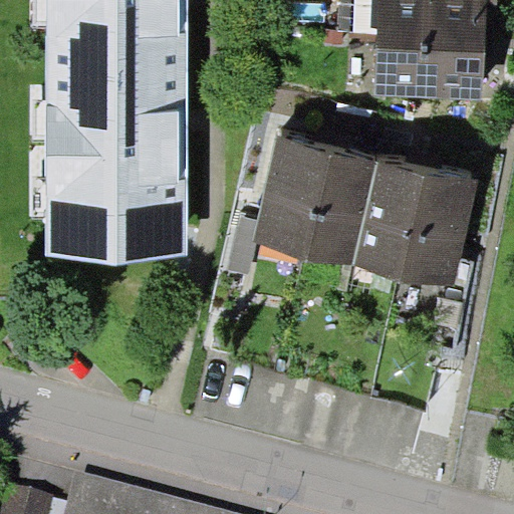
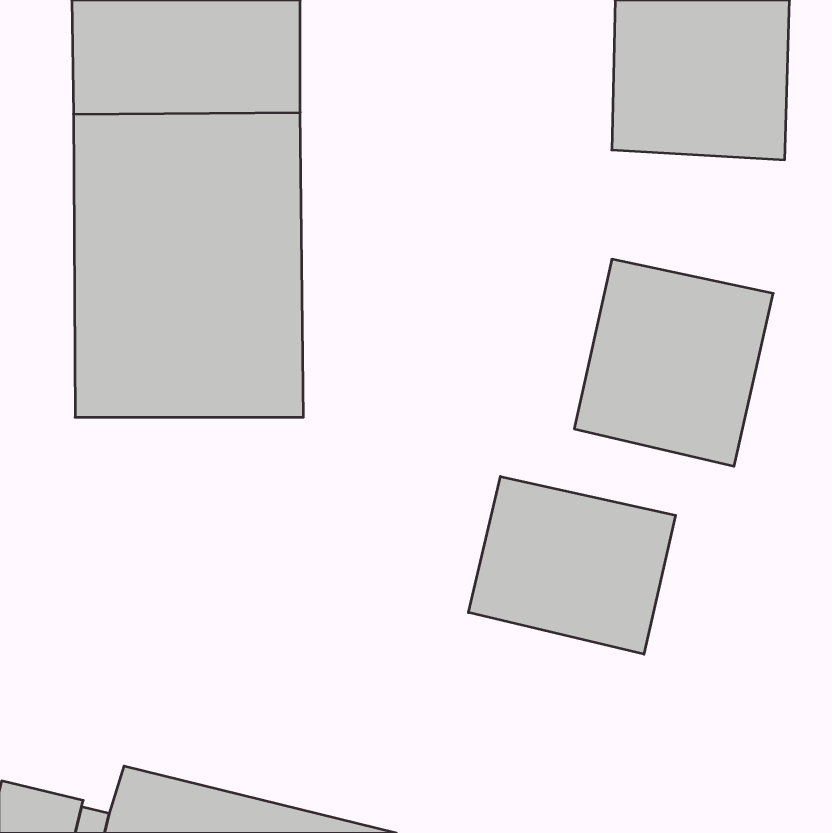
building: [251,137,376,264] -> none
building: none -> [468,476,676,654]

